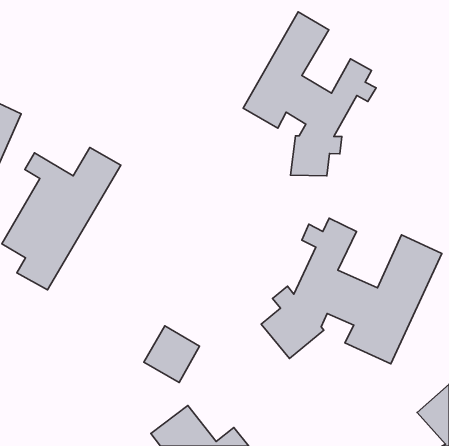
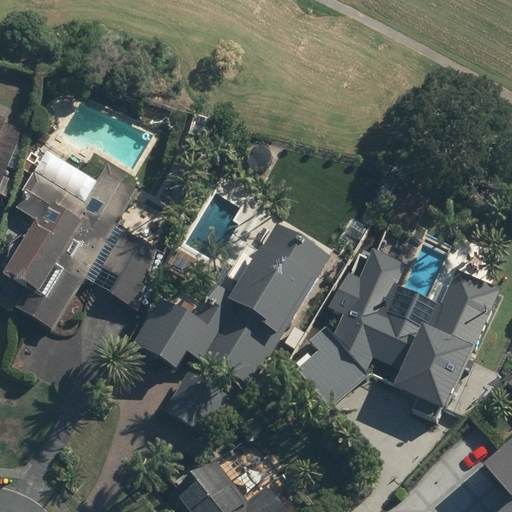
building: [243,12,376,176] -> none
building: none -> [133,222,326,387]
building: none -> [101,230,155,307]

